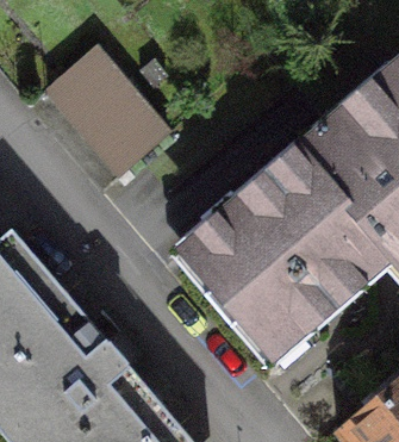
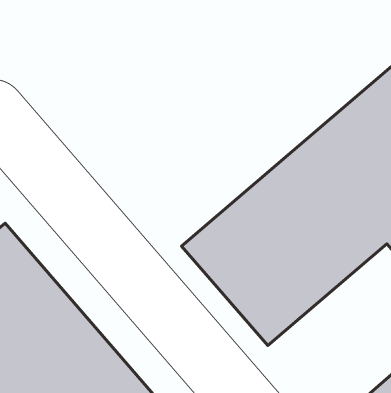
building: [44,45,167,173] -> none

